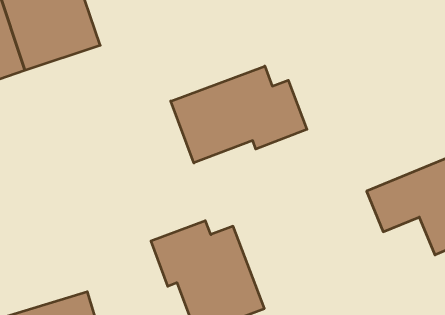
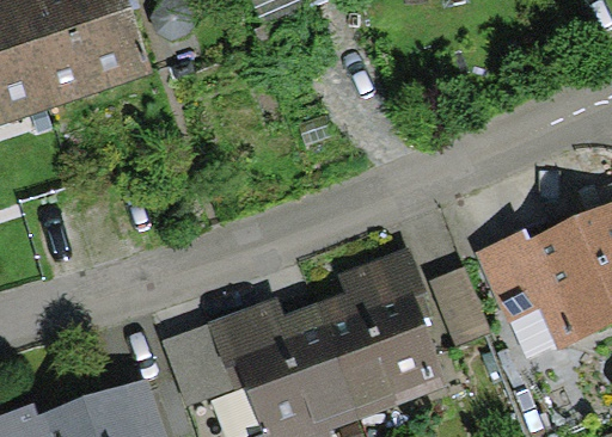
building: [171,66,307,163] -> none
building: none -> [316,252,437,411]

